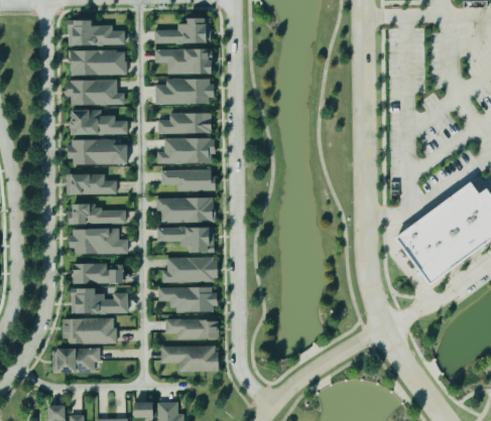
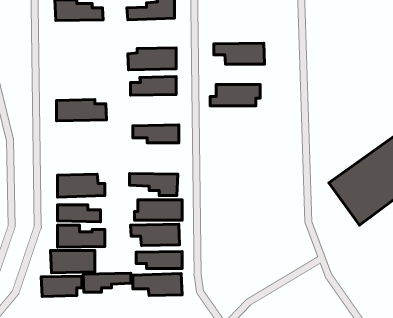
building: [154,48,215,74] -> [214,43,265,64]
building: [71,49,126,75] -> none
building: [69,79,124,105] -> none
building: [70,110,127,135] -> none
building: [156,138,216,163] -> [210,85,260,106]
building: [66,173,116,194] -> none
building: [155,197,215,223] -> none
building: [70,203,125,224] -> none
building: none -> [83,273,131,292]

